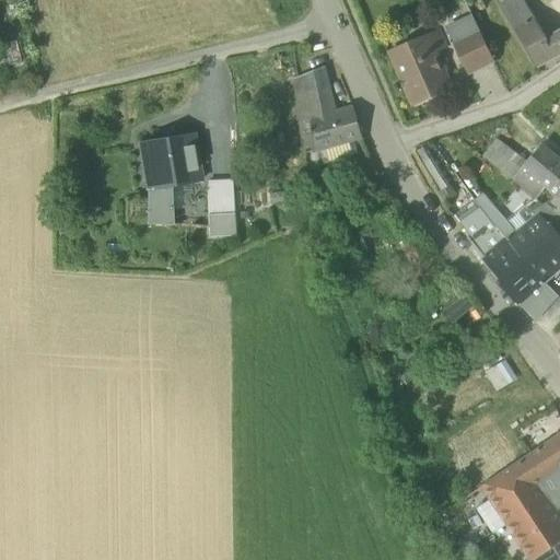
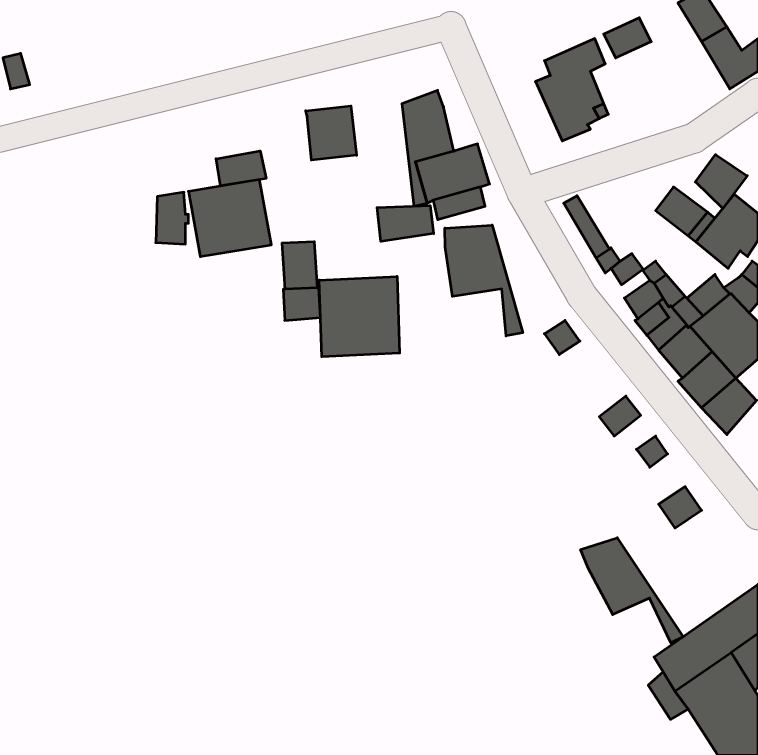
building: [454,31,493,71] -> none
building: none -> [306,106,357,160]
building: none -> [216,151,266,186]
building: none -> [695,155,747,209]
building: none -> [377,206,434,241]
building: none -> [445,225,523,336]
building: [147,186,171,224] -> [156,192,188,244]
building: none -> [319,276,400,357]
building: none -> [581,538,683,643]

